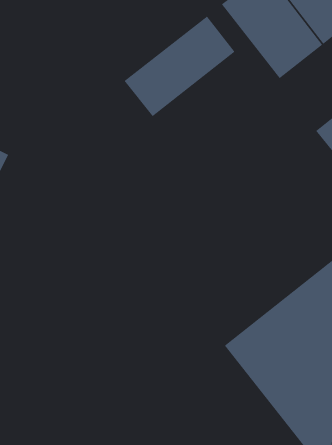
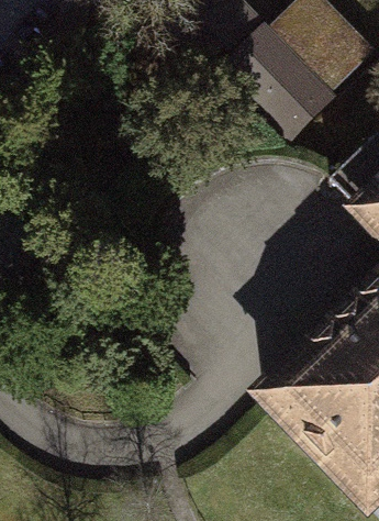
building: [123,15,235,117] -> none

